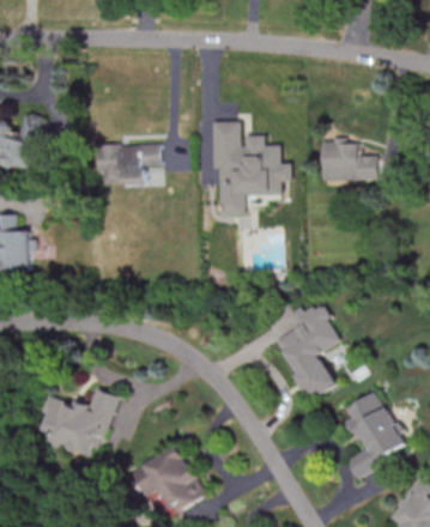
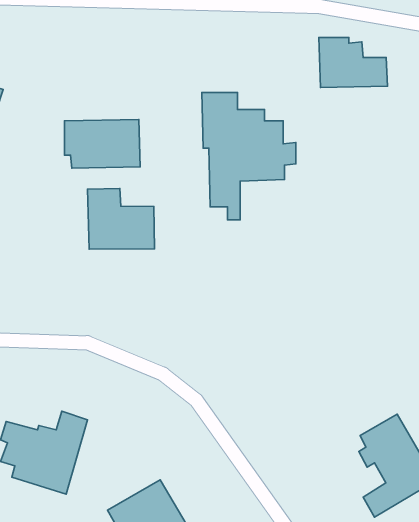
building: [319,139,376,181] -> [319,37,387,88]
building: none -> [88,188,155,249]
building: [274,303,340,400] -> none

